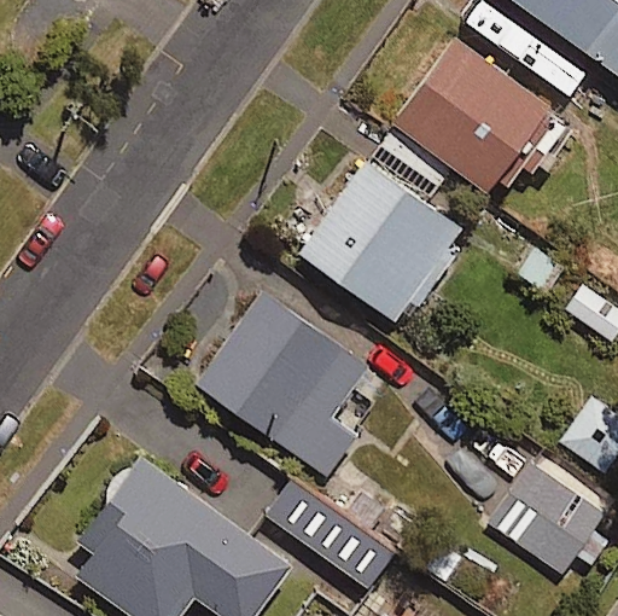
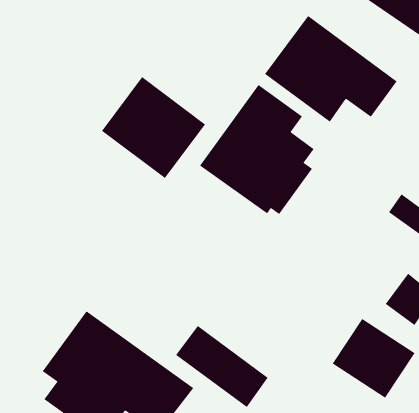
building: none -> [101,76,206,179]
building: [192,281,369,477] -> none

